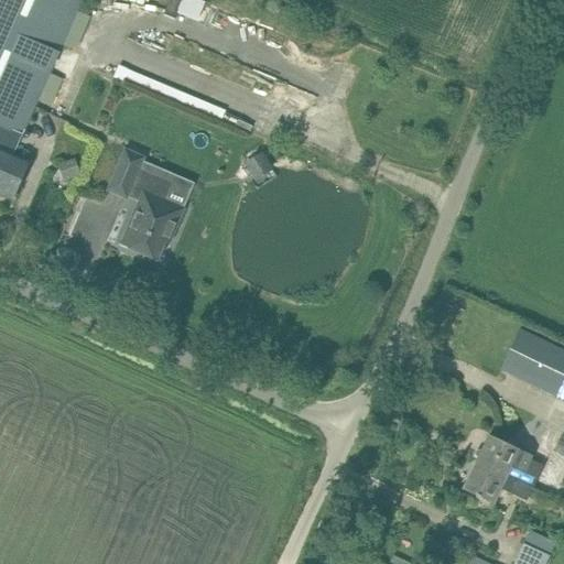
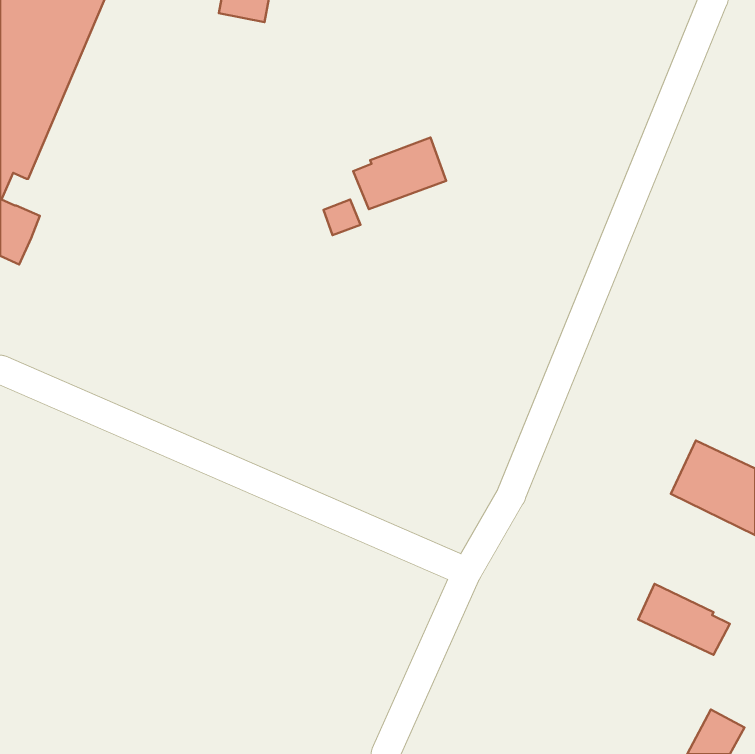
building: none -> [353,138,446,209]
building: [108,149,184,259] -> none
building: [464,462,532,502] -> none

